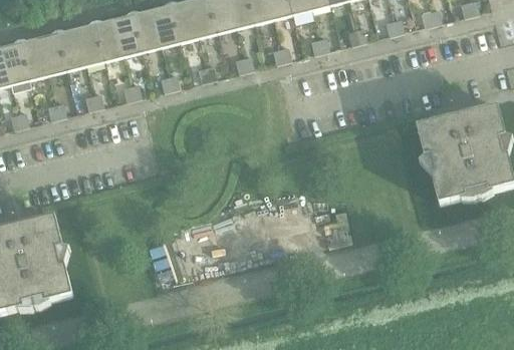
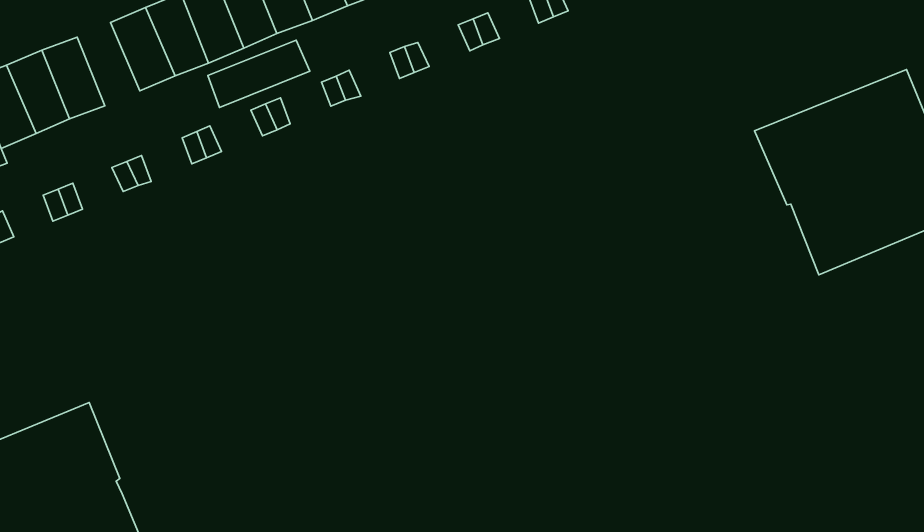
building: [76,23,104,65] -> none
building: none -> [208,40,310,108]

